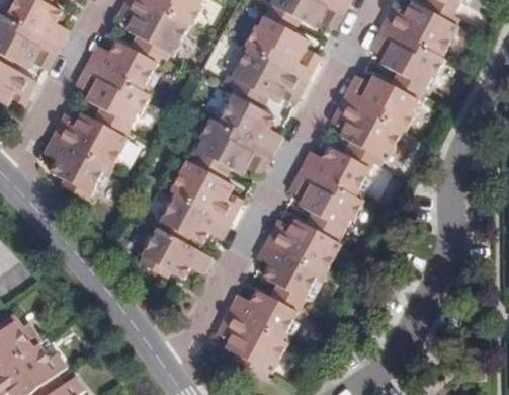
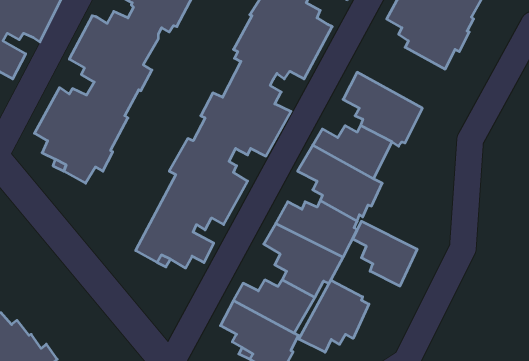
building: [342,73,424,133] -> none
building: none -> [353,221,417,286]
building: none -> [299,280,369,352]

